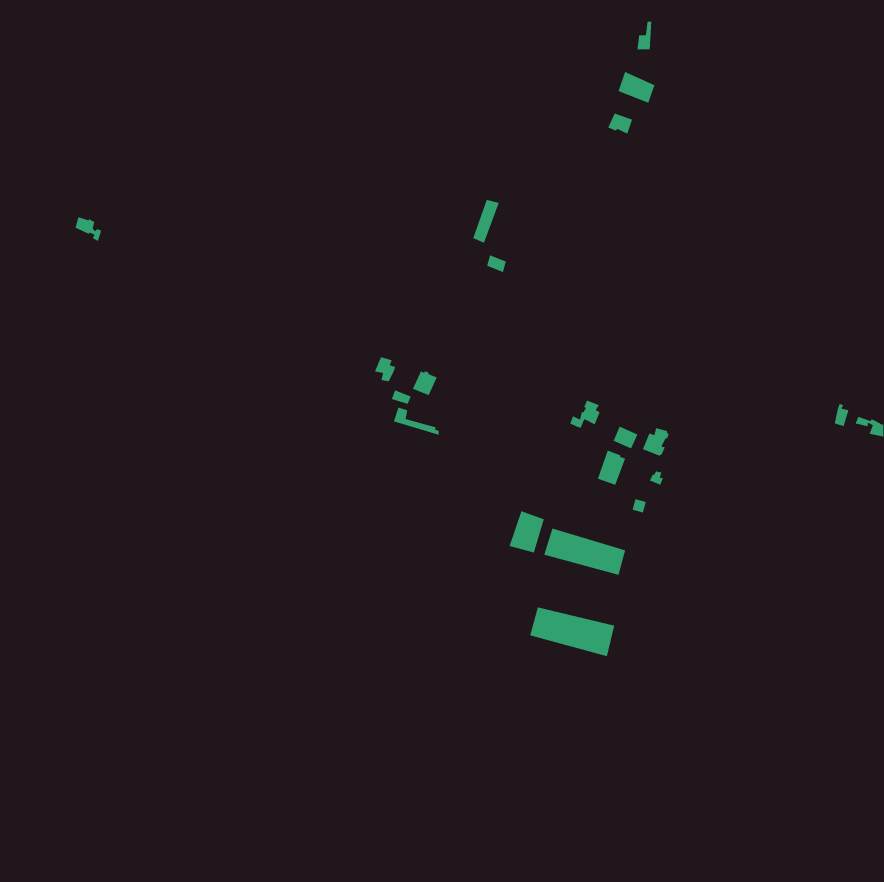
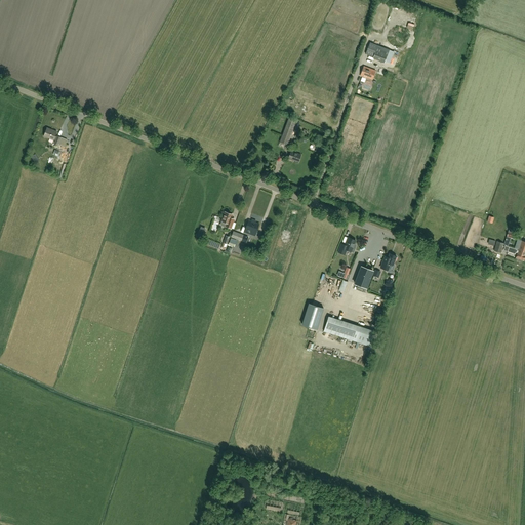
building: [529,607,615,657] -> none

